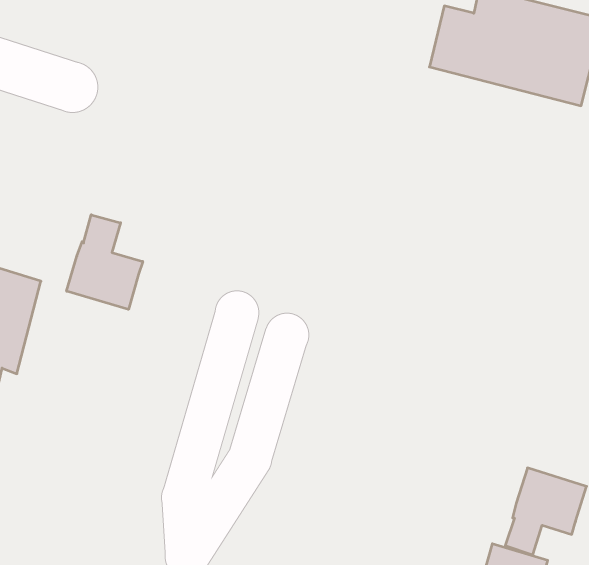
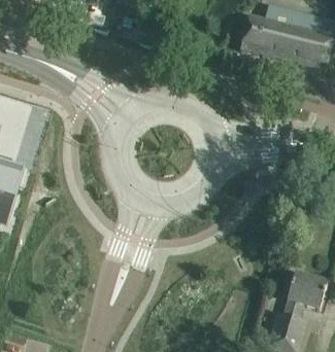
building: [67,215,143,309] -> none

